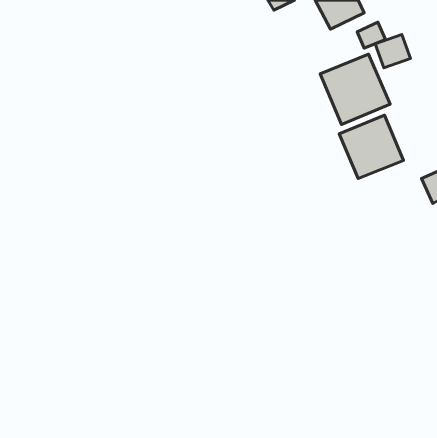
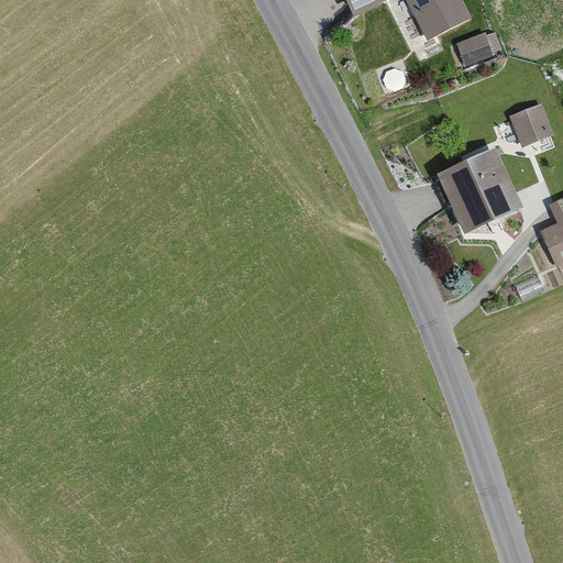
building: [375,34,410,68] -> [511,100,556,143]
building: [320,54,390,125] -> none

